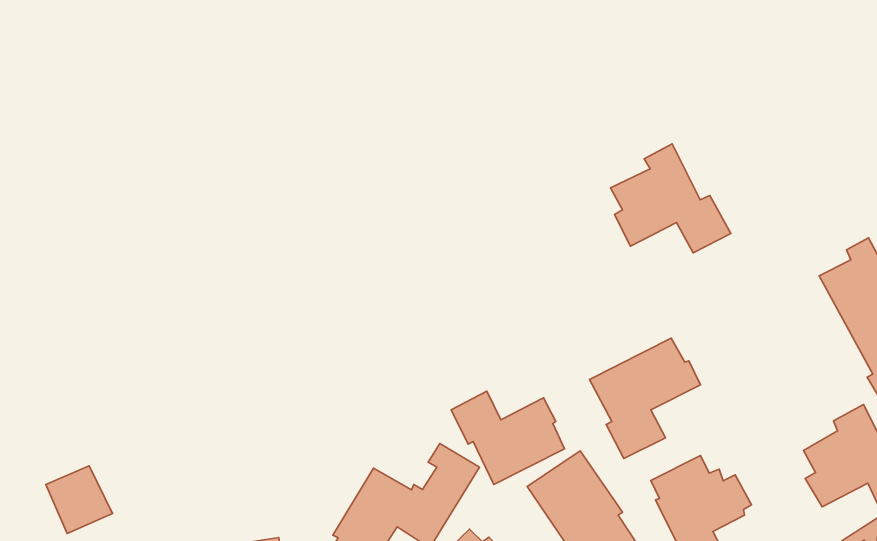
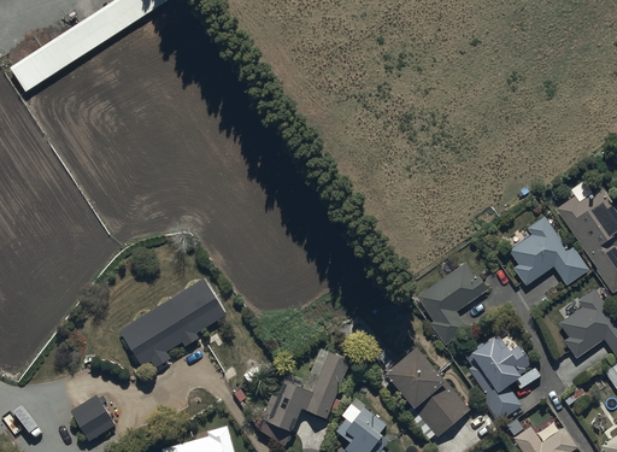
building: [610,144,731,253] -> [507,216,589,286]
building: none -> [121,276,228,368]
building: [451,391,564,484] -> none

